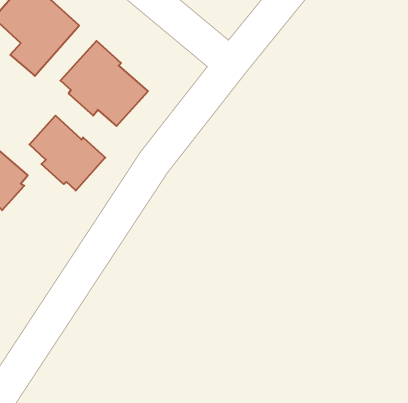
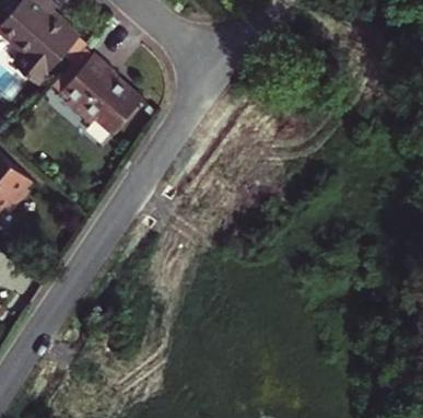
building: [29,116,105,191] -> none

